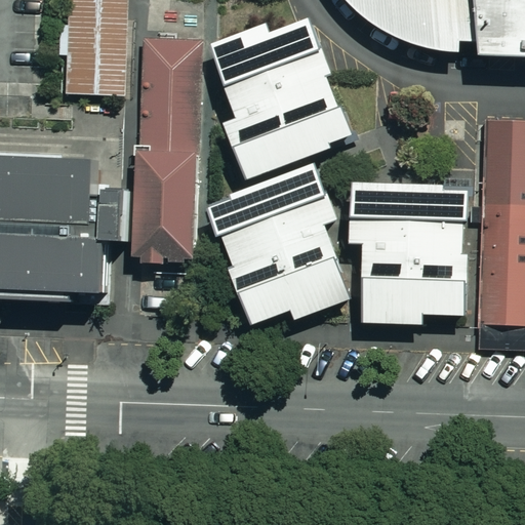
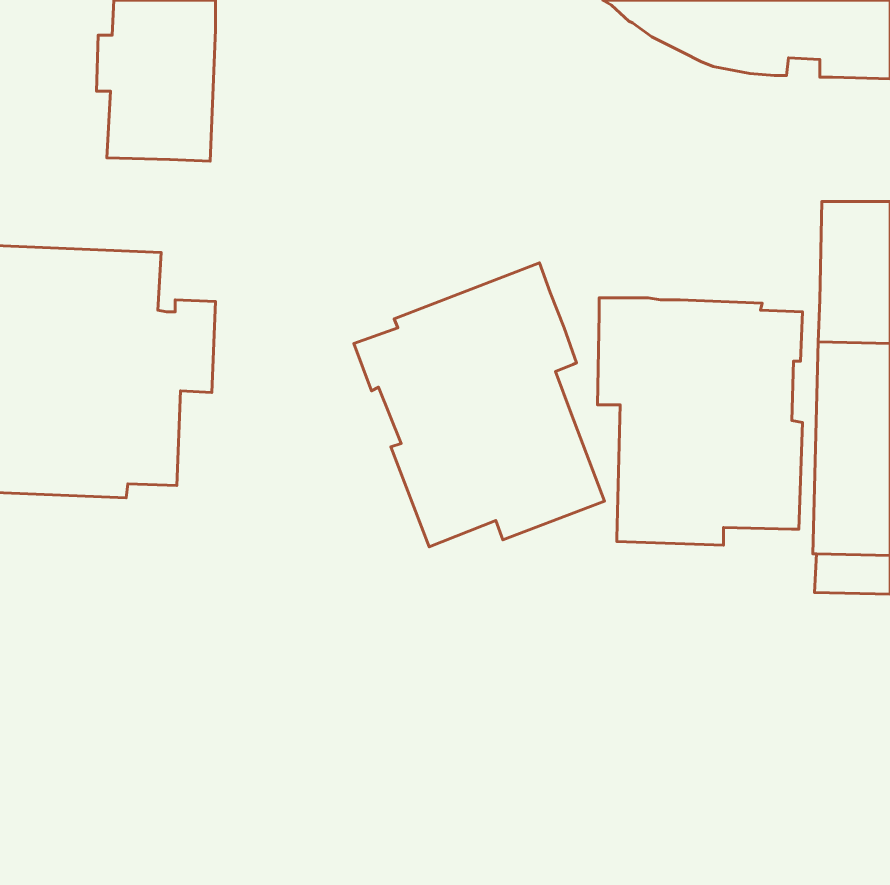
building: [208,14,354,179] -> none
building: [130,39,203,265] -> none

